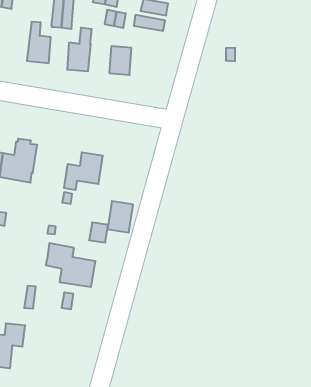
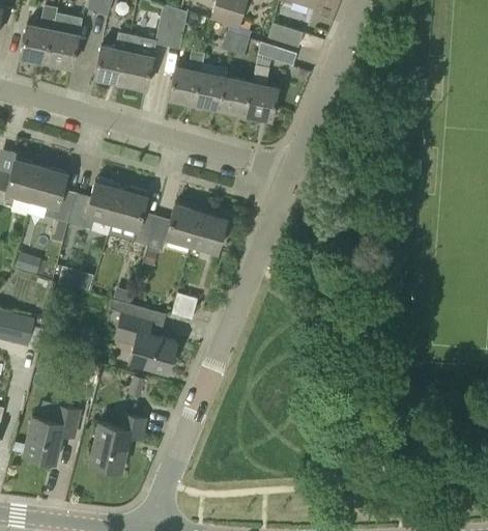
building: none -> [94,32,132,83]
building: none -> [246,65,279,120]
building: none -> [195,72,227,110]
building: none -> [108,188,156,246]
building: [108,201,133,233] -> [192,212,227,253]
building: none -> [90,414,147,470]

